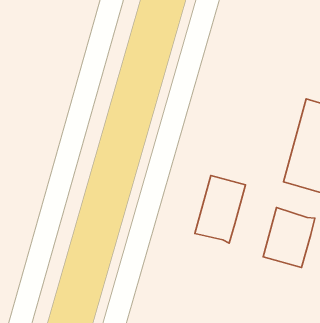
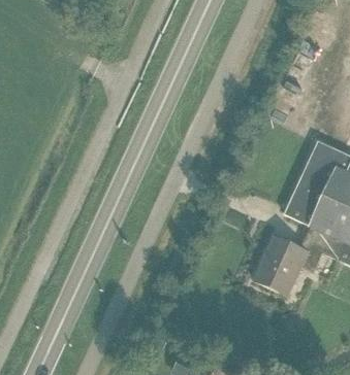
building: [195,175,245,243] -> none

